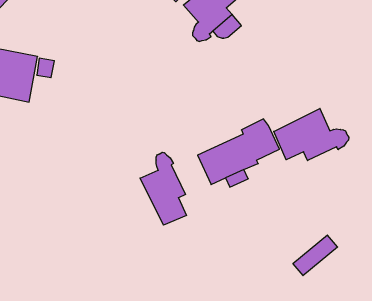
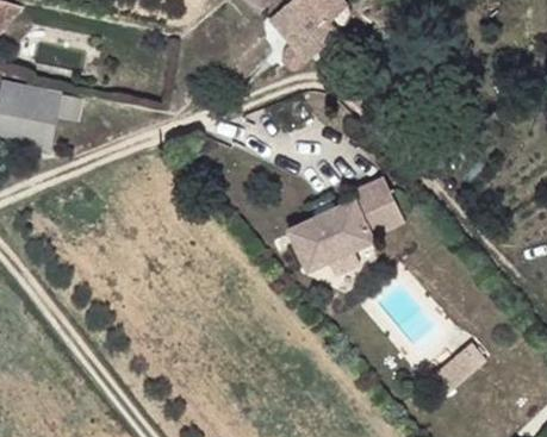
building: [274,108,349,161] -> none
building: [140,152,187,225] -> none

